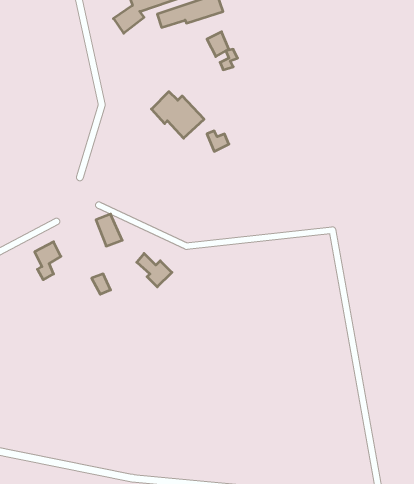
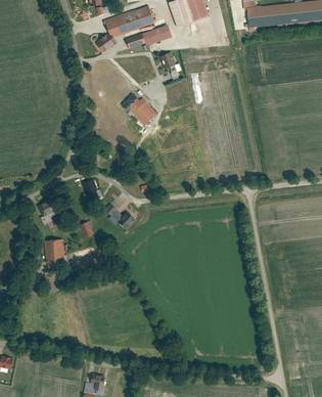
building: none -> [44,238,63,267]

